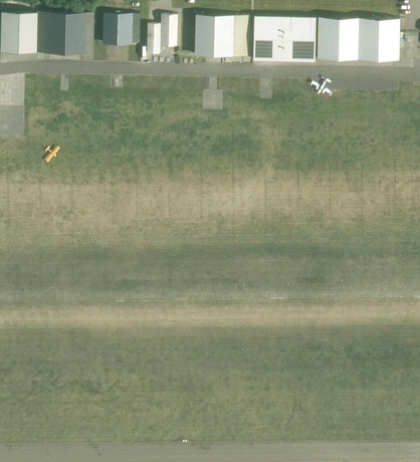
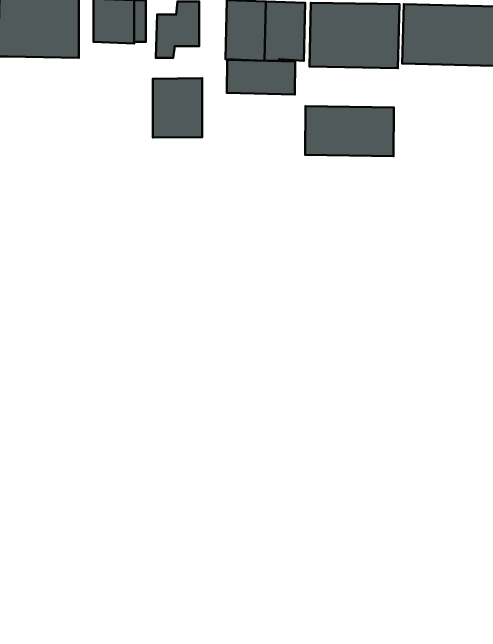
building: none -> [227,60,295,94]
building: none -> [153,78,202,138]
building: none -> [305,106,394,156]

